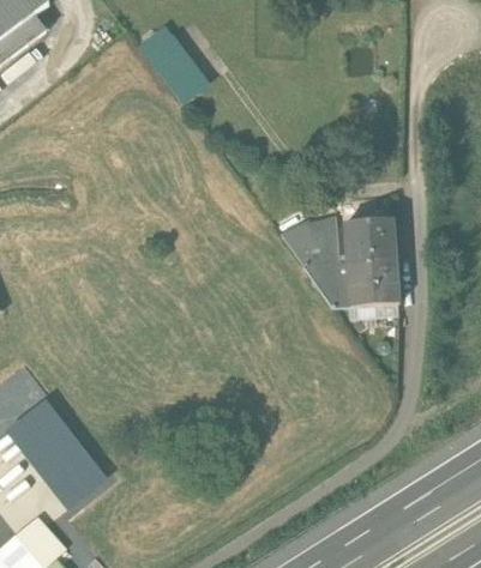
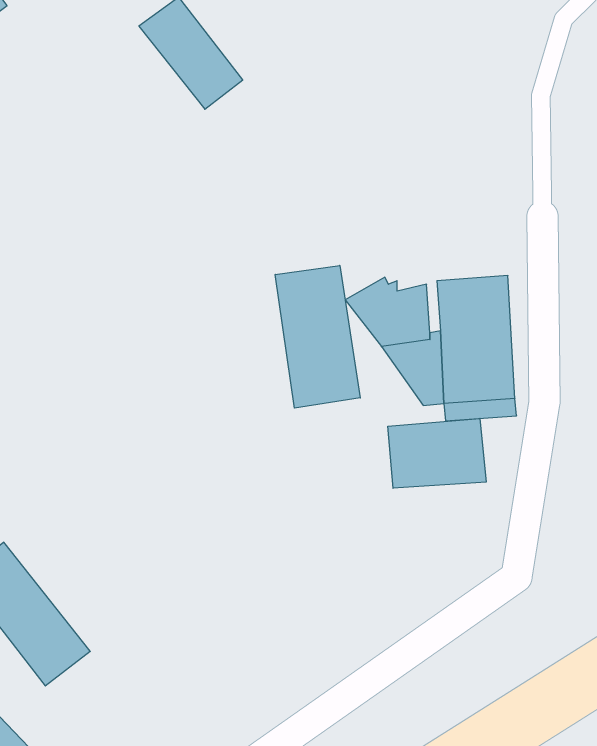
building: none -> [275,265,360,408]
building: none -> [388,418,486,488]

